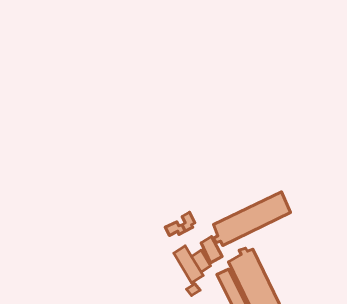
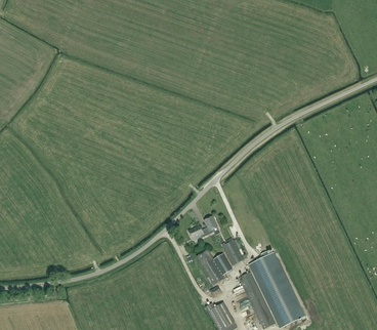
building: [213,192,290,245] -> none

